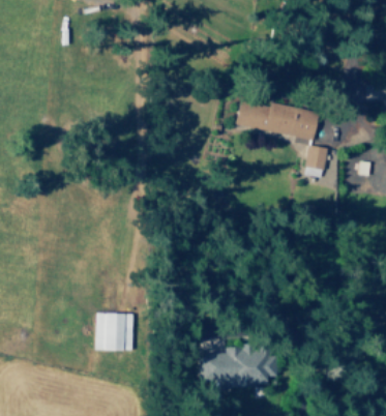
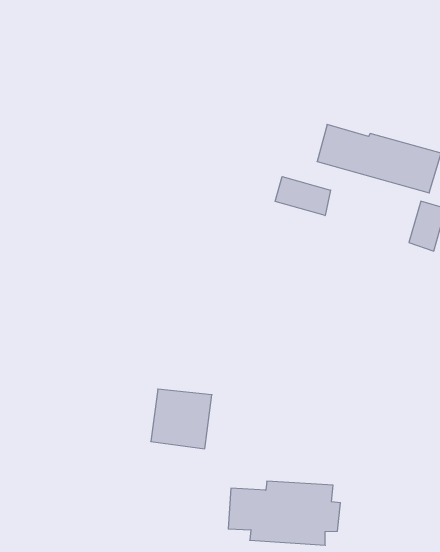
building: none -> [275,177,331,216]
building: [95,315,133,352] -> [151,389,212,449]

